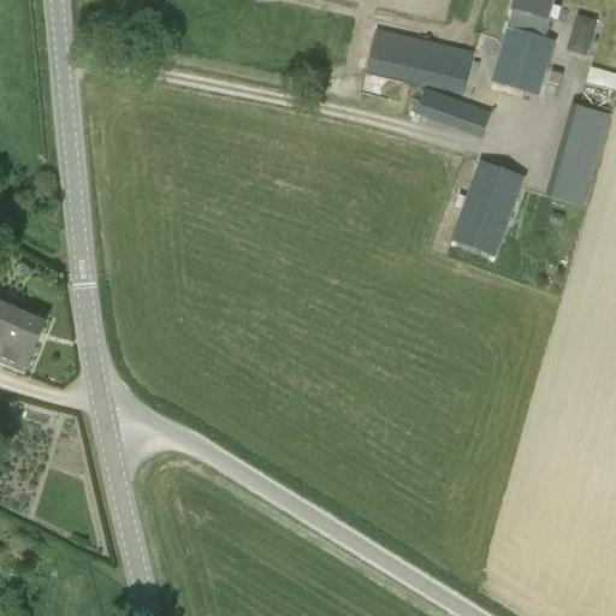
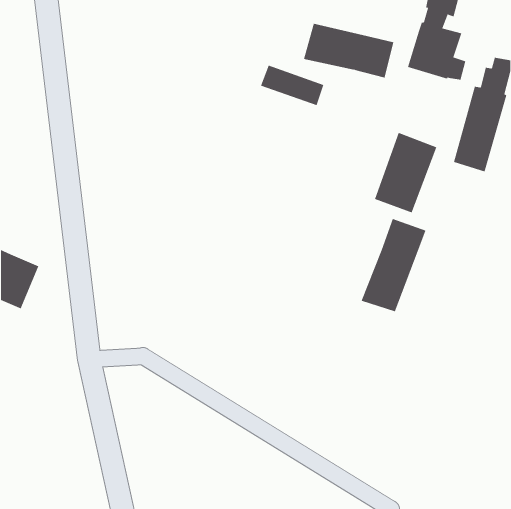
building: [568,13,598,54] -> none
building: [415,88,492,137] -> [260,65,324,106]
building: none -> [361,218,426,312]

